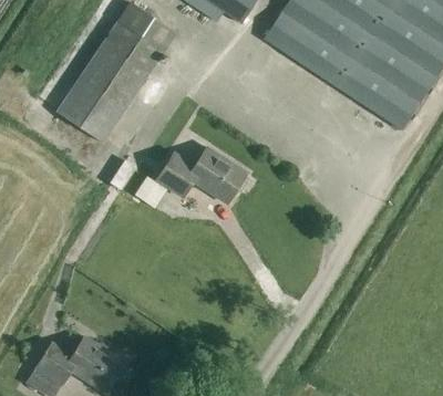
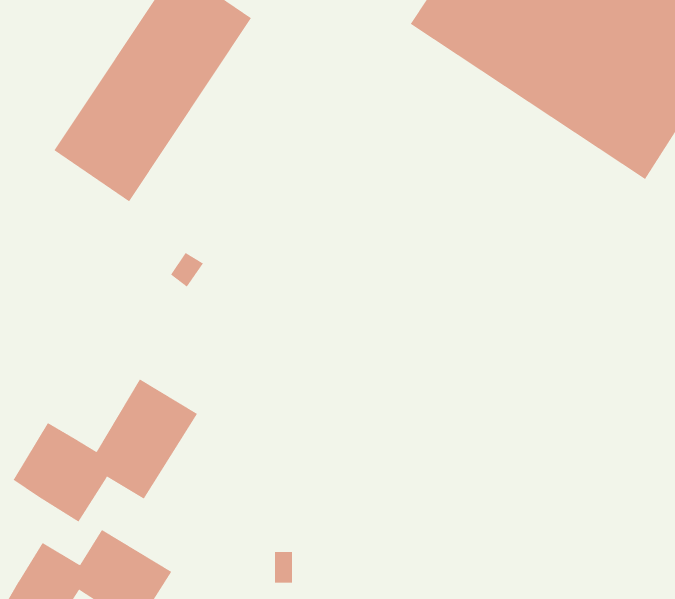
building: [155,149,248,205] -> none
building: none -> [13,379,198,522]

